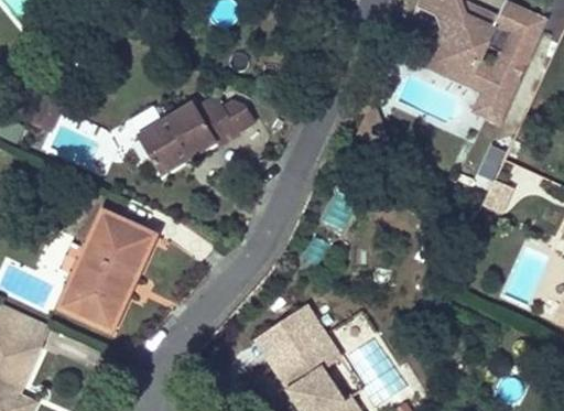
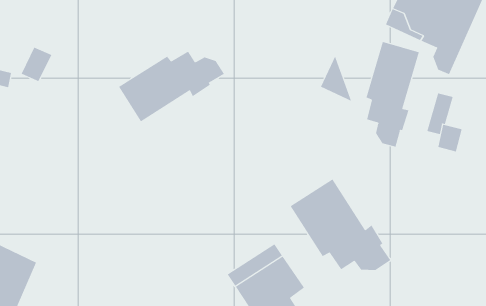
building: none -> [366,41,420,148]
building: [55,210,155,331] -> none
building: none -> [290,178,391,271]

